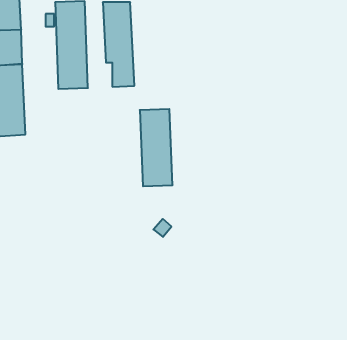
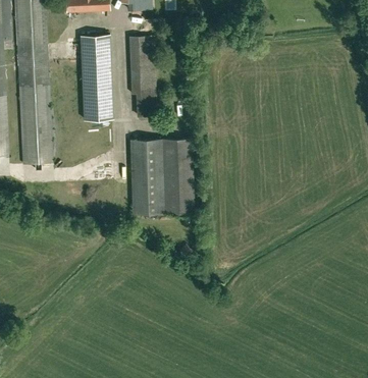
building: none -> [130,140,165,215]

